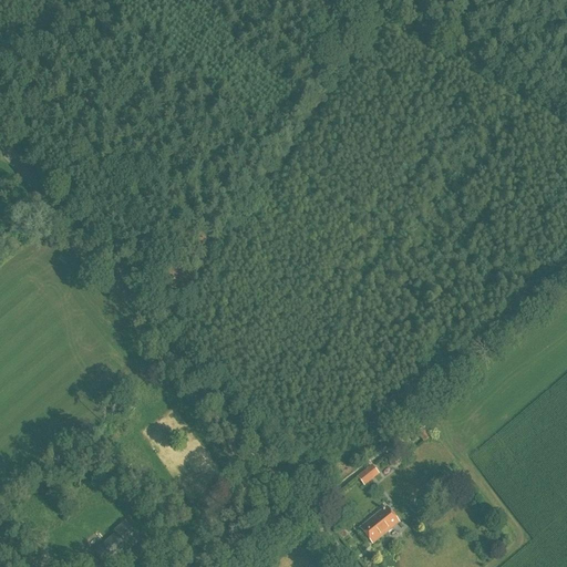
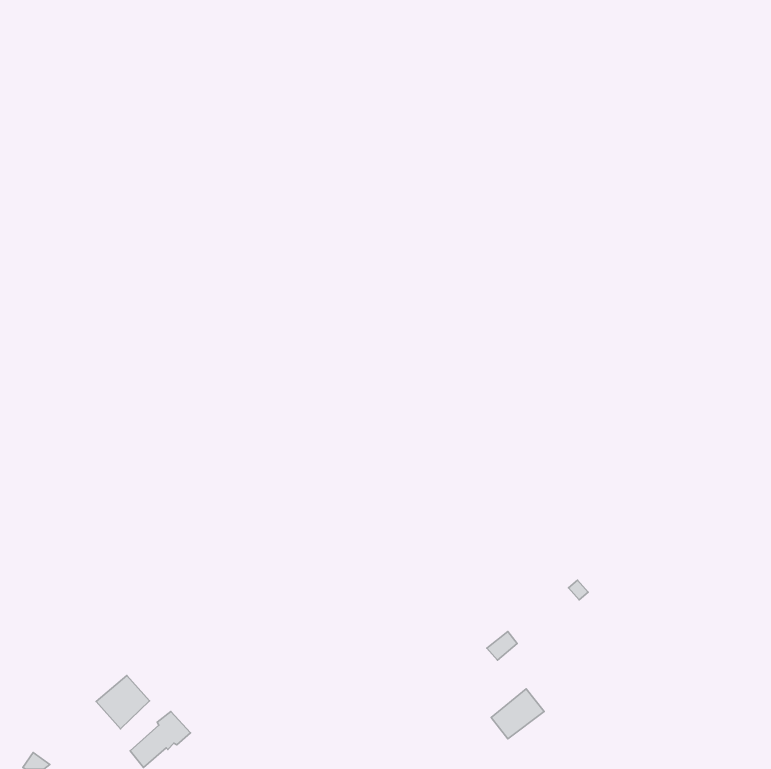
building: none -> [96,675,149,729]

